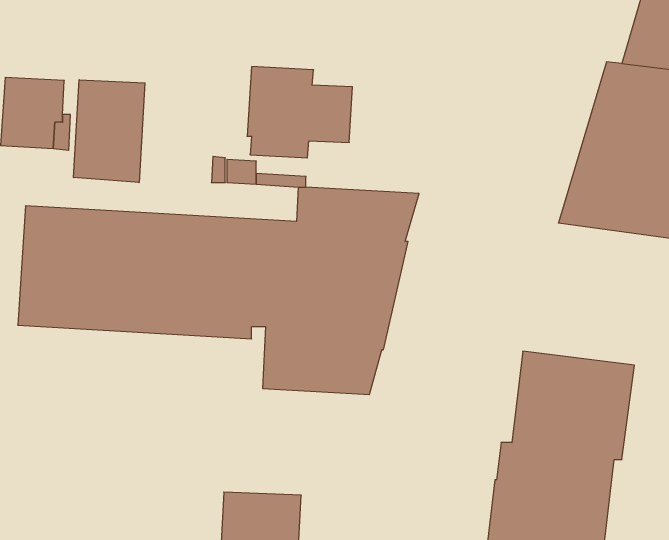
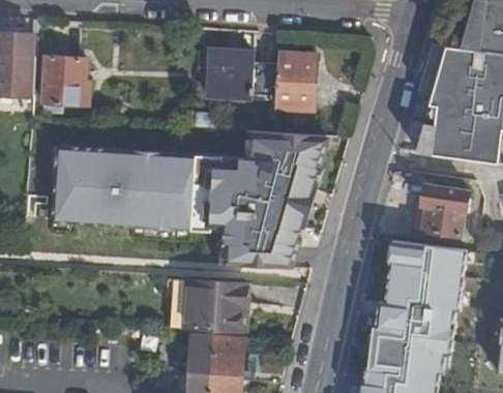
building: none -> [275,54,317,110]
building: [74,80,145,183] -> none
building: none -> [422,184,469,235]
building: none -> [185,281,247,331]

